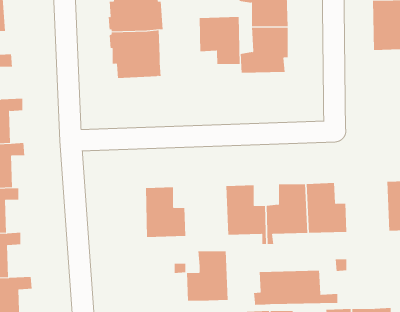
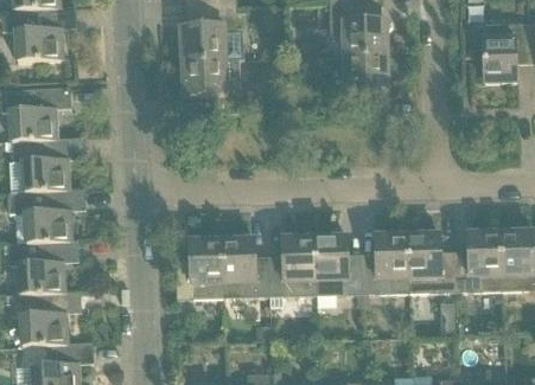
building: [199,16,240,65] -> none
building: none -> [453,233,502,291]
building: none -> [174,240,223,300]
building: [186,251,229,301] -> [268,238,317,296]
building: [253,270,338,306] -> none

